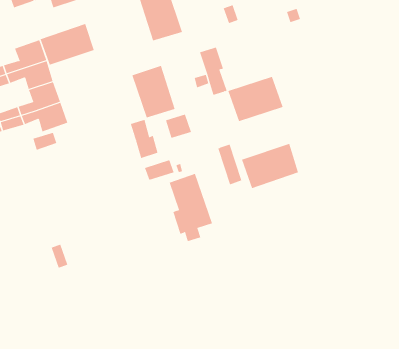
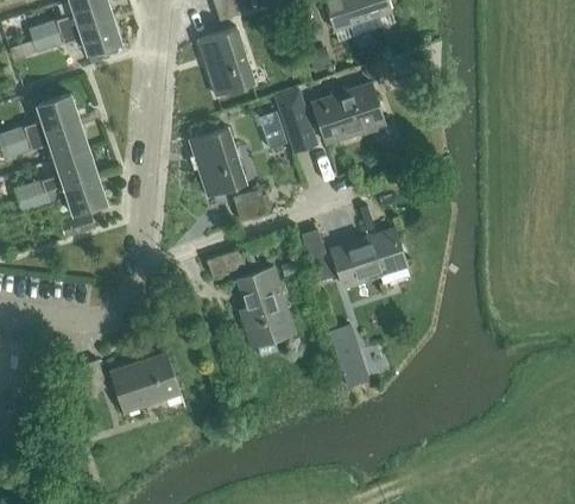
building: [40,23,95,66] -> none
building: [228,76,283,122] -> [312,83,385,143]
building: [130,119,158,159] -> none
building: none -> [329,325,369,388]
building: none -> [109,352,181,412]

